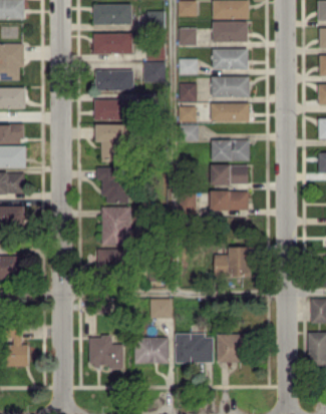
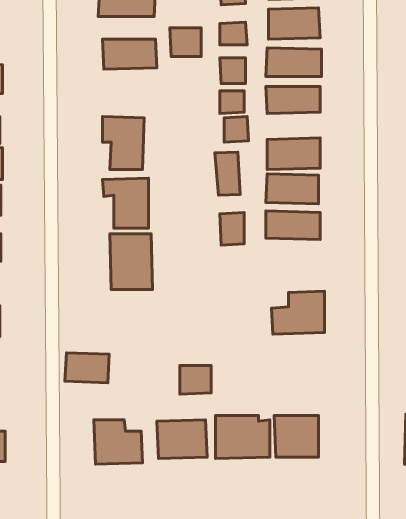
building: [93,99,129,120] -> none
building: none -> [215,152,240,195]
building: [96,249,127,270] -> [65,353,109,383]

